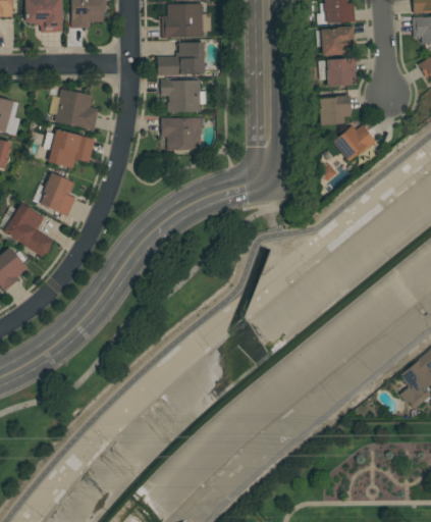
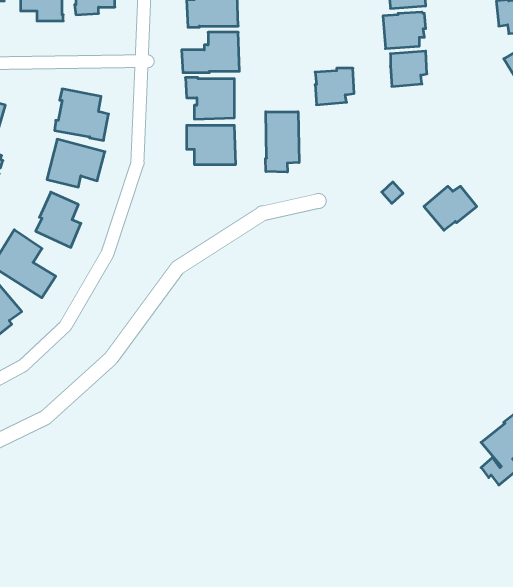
building: [319,96,351,125] -> [315,68,354,105]
building: none -> [266,112,299,172]
building: [332,125,375,161] -> [424,186,477,230]

